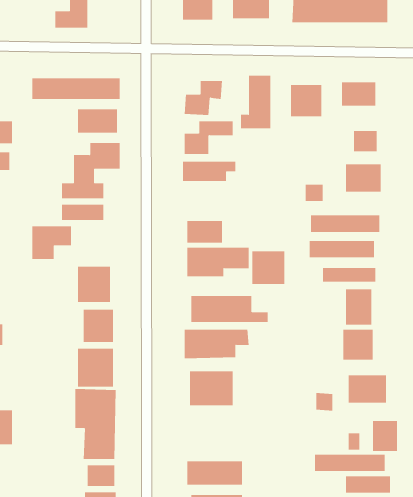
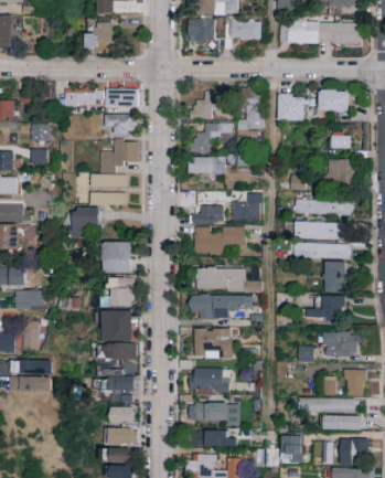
building: [251,251,285,284] -> [233,194,260,222]
building: none -> [190,368,228,390]

